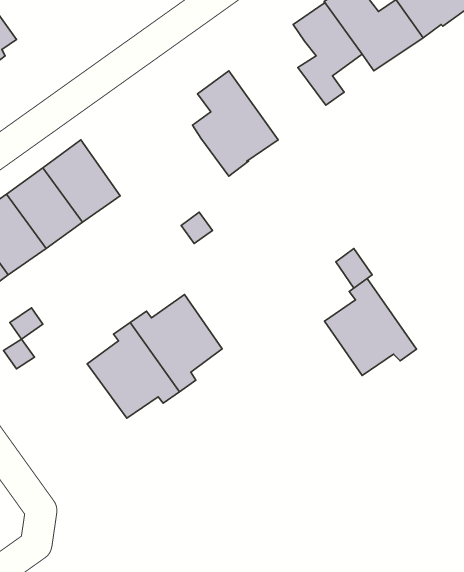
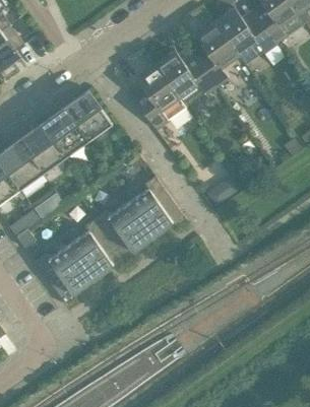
building: none -> [154,50,214,107]
building: none -> [63,90,111,141]
building: [324,278,417,376] -> [127,176,184,235]
building: none -> [34,245,91,304]

